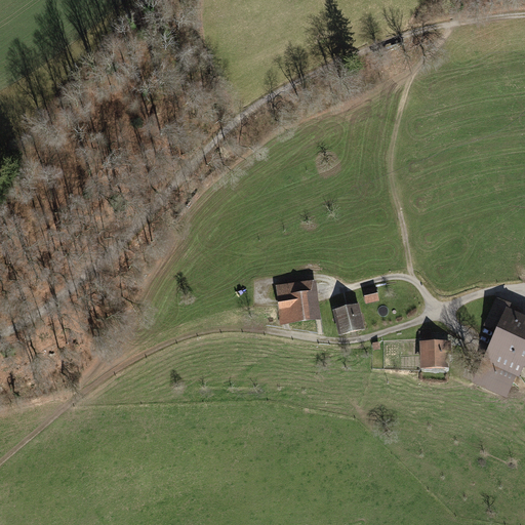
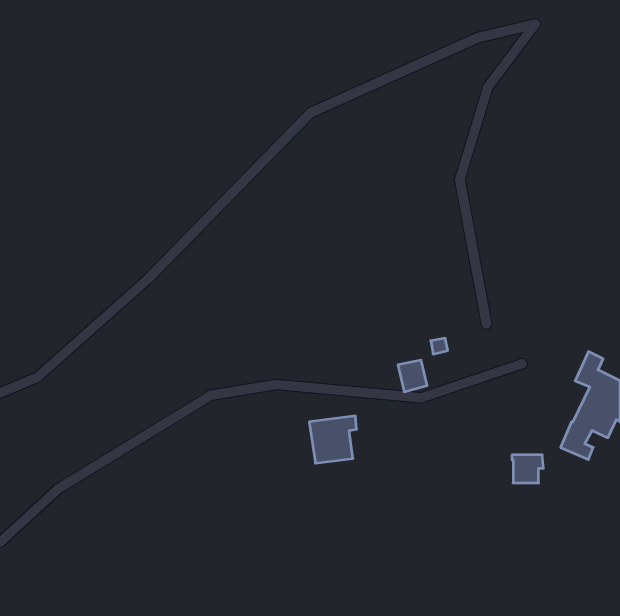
building: [277,280,317,320] -> [309,416,357,463]
building: [422,340,449,364] -> [512,455,543,483]

